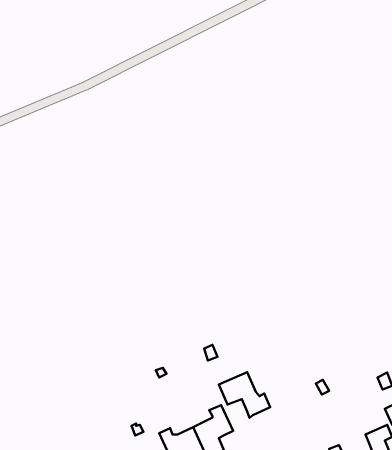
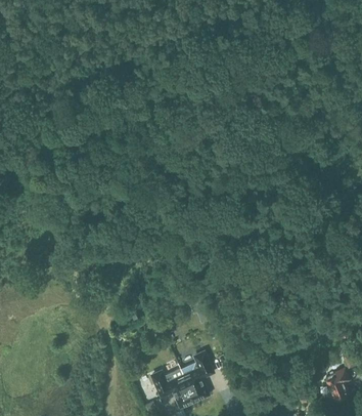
building: [219,372,270,418] -> none

